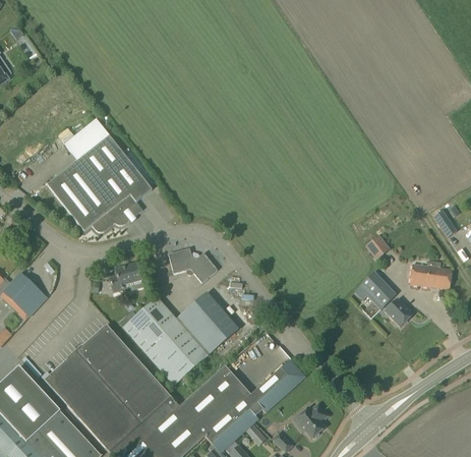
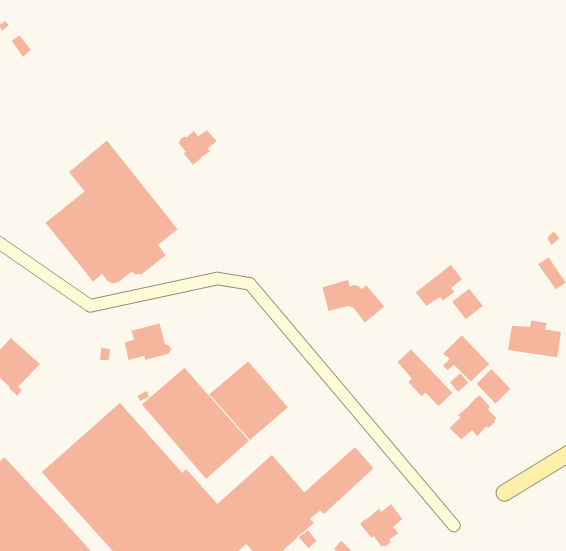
building: none -> [178,129,218,166]
building: none -> [415,264,463,307]
building: [168,248,218,283] -> [321,279,385,323]
building: none -> [397,349,453,407]
building: none -> [449,394,497,441]

